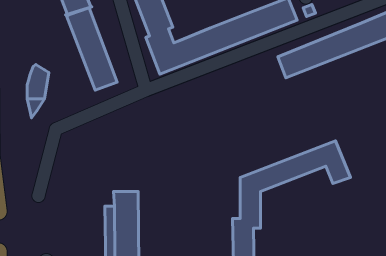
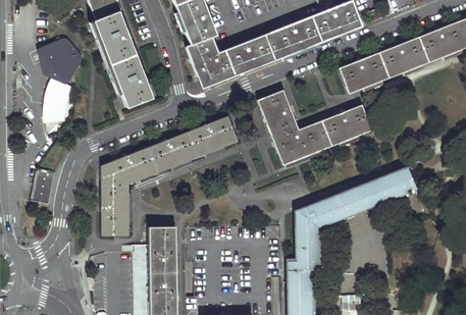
building: none -> [40,40,83,84]
building: none -> [257,90,371,165]
building: none -> [101,115,238,234]
building: none -> [31,168,55,204]

